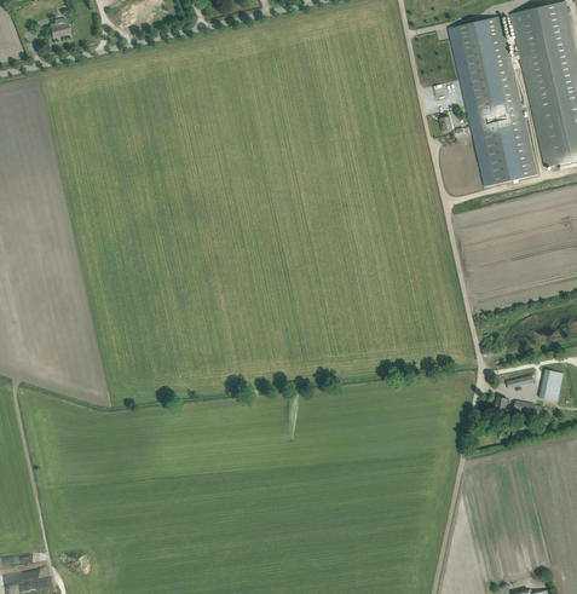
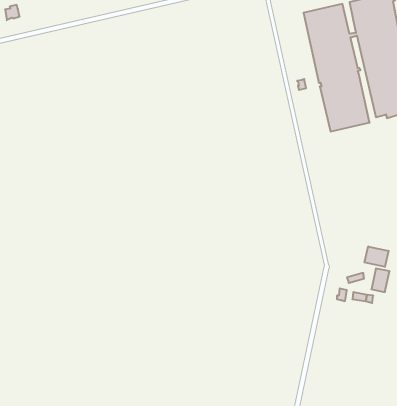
building: none -> [365,246,389,267]

